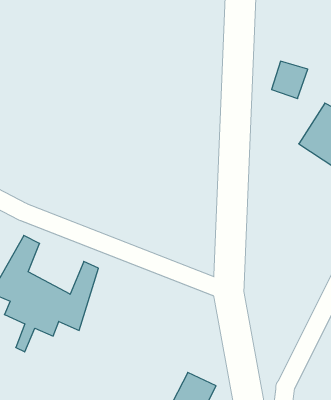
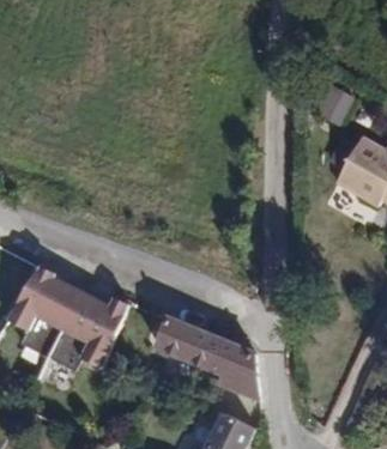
building: none -> [53,279,111,333]
building: none -> [155,320,256,401]

